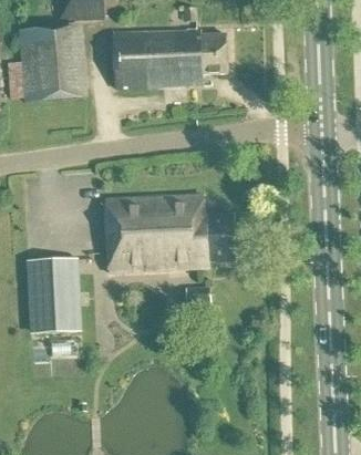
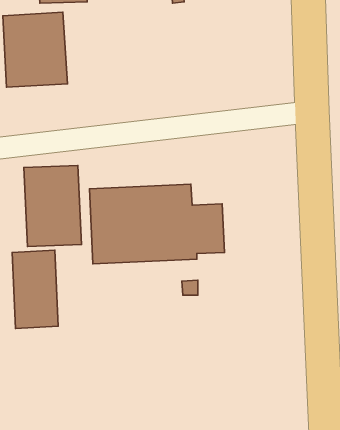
building: [113,28,227,85] -> none
building: none -> [24,166,82,247]

